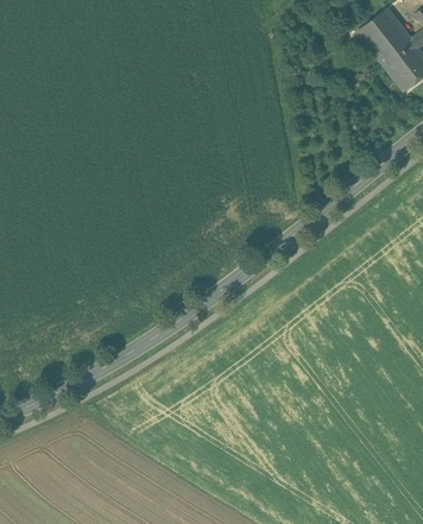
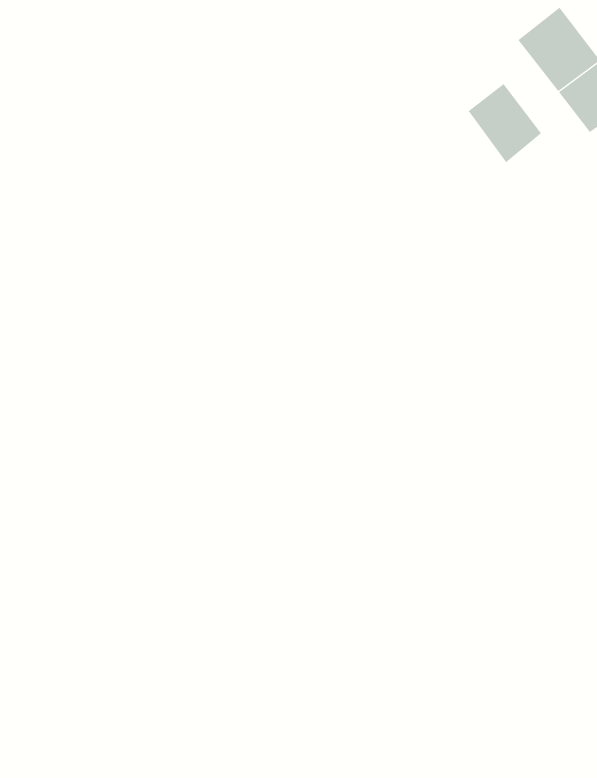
building: none -> [468,83,542,163]

